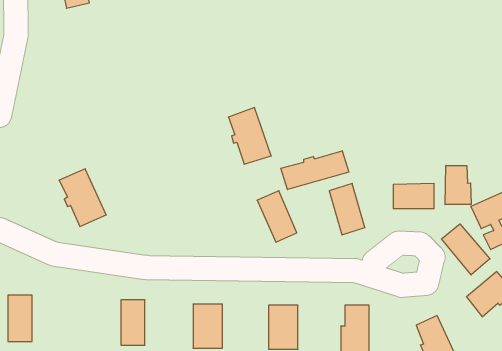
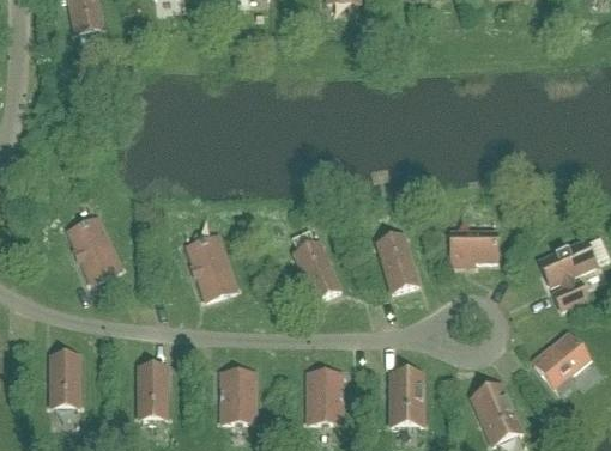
building: [228,108,271,164] -> [188,234,237,299]
building: [281,151,349,190] -> none
building: [445,165,471,205] -> none
building: [442,224,490,275] -> none
building: [8,295,32,341] -> [52,354,79,407]

